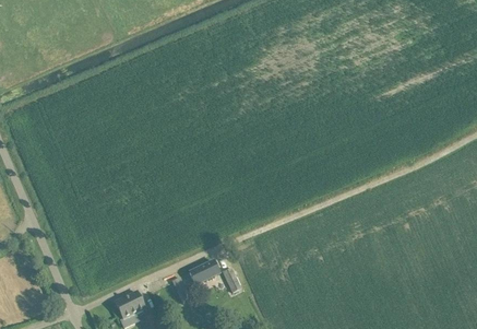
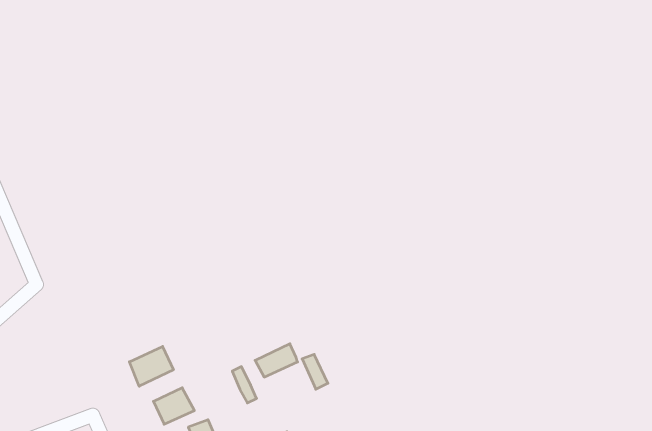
building: none -> [129,346,173,386]

